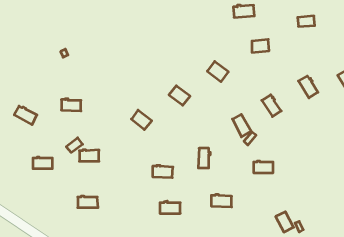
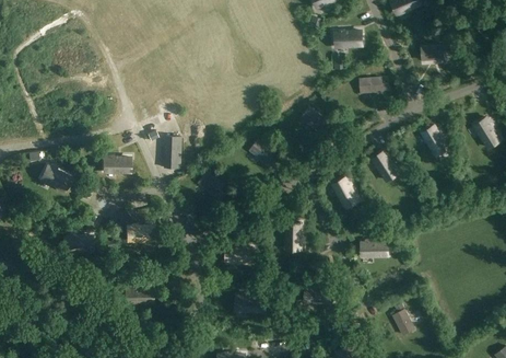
building: none -> [164,137,180,169]

